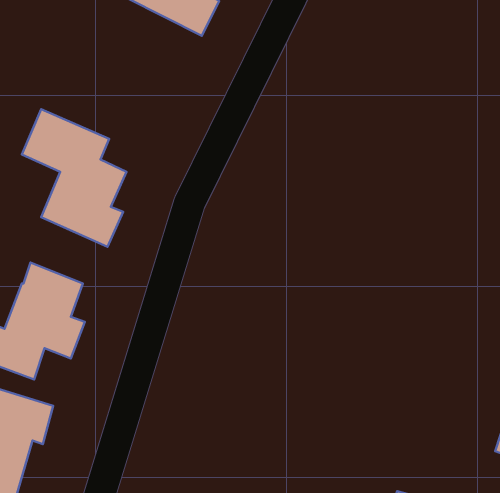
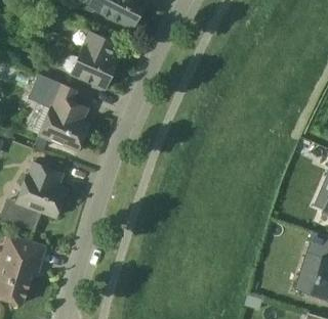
building: none -> [64,32,118,89]

